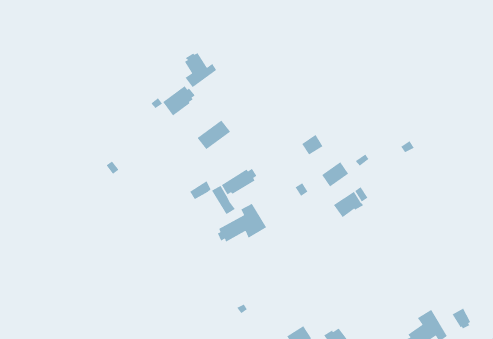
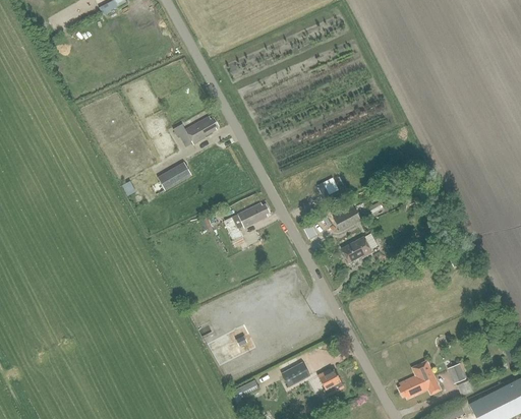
building: [184,52,217,88] -> none
building: [197,120,231,150] -> [157,162,191,190]
building: [217,203,267,243] -> none

